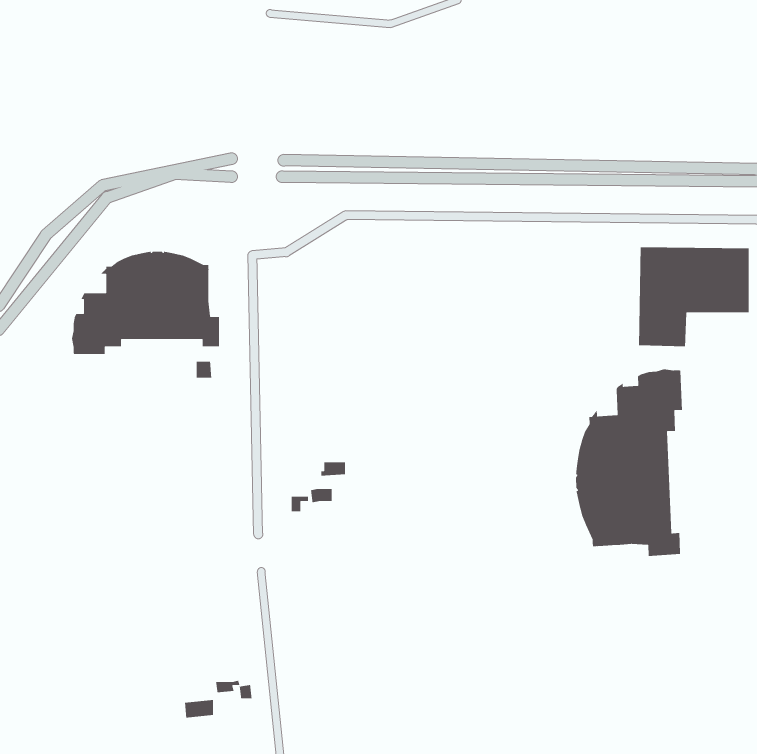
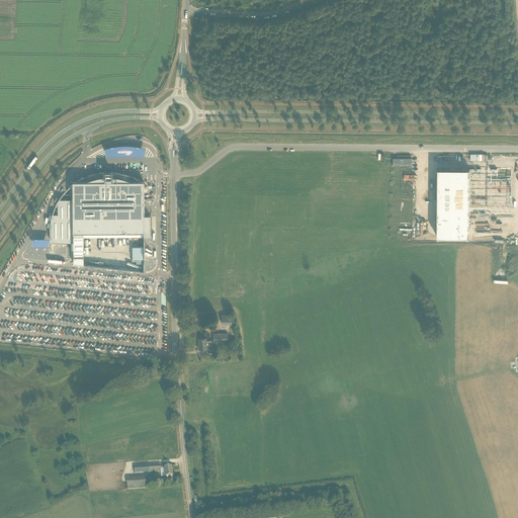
building: [575,369,683,557] -> none

